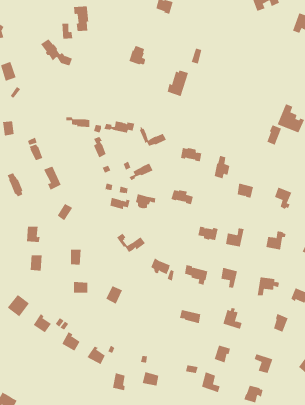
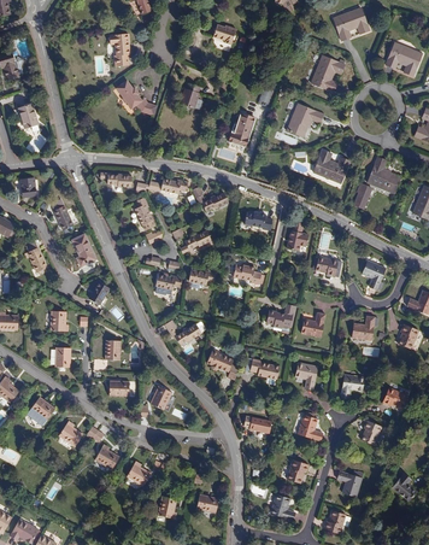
building: none -> [310,54,343,92]
building: [40,38,73,66] -> [114,80,155,115]
building: none -> [284,102,322,135]
building: none -> [311,148,349,183]

